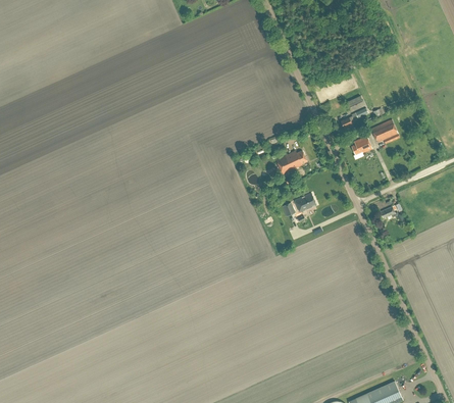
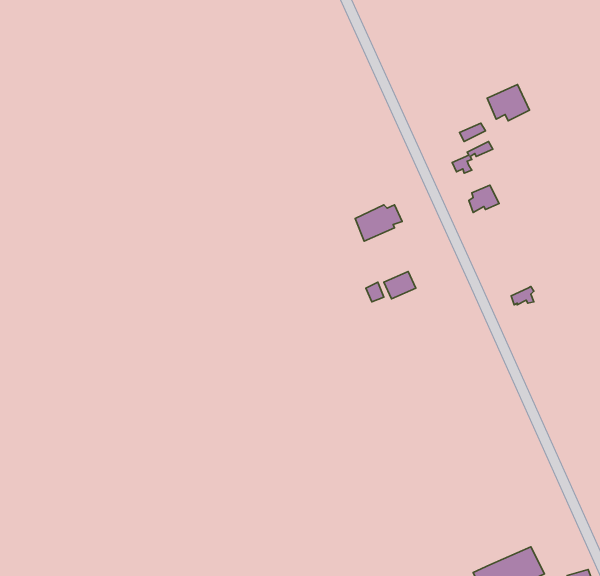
building: [370,119,399,144] -> [487,84,529,121]

